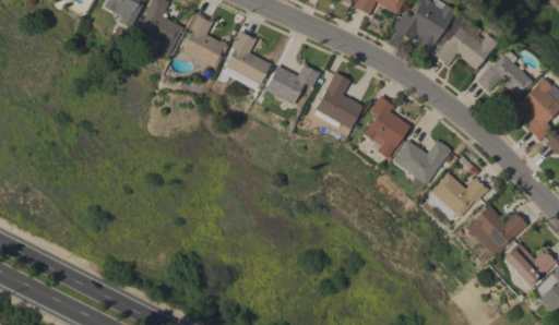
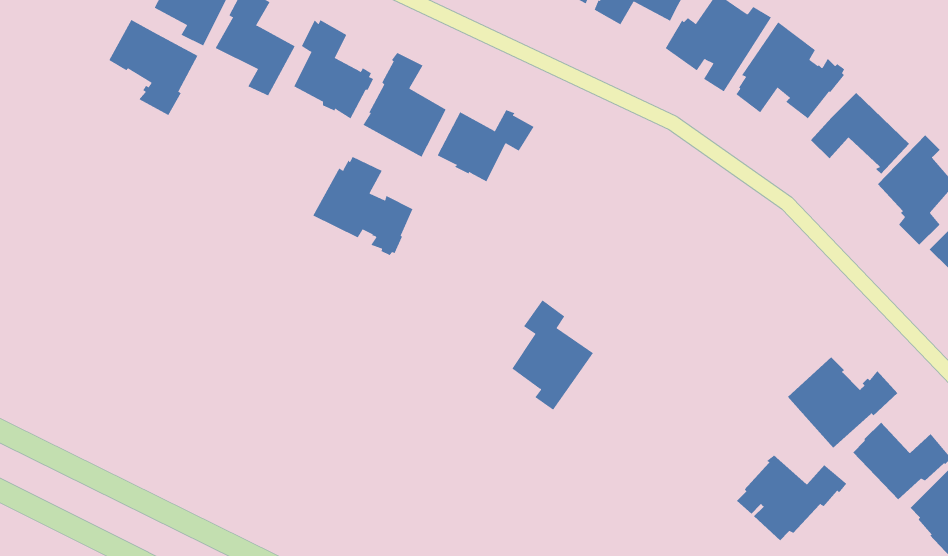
building: none -> [109,19,198,116]
building: [314,72,362,129] -> none
building: none -> [312,156,413,256]
building: [364,95,411,158] -> [512,299,594,411]
building: [393,140,452,184] -> none
building: [426,172,489,221] -> [736,455,847,541]

